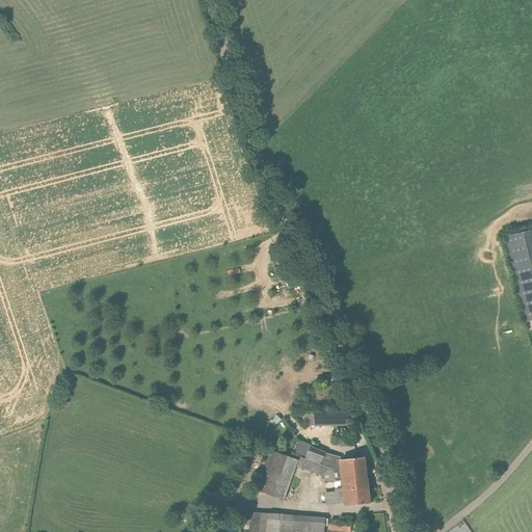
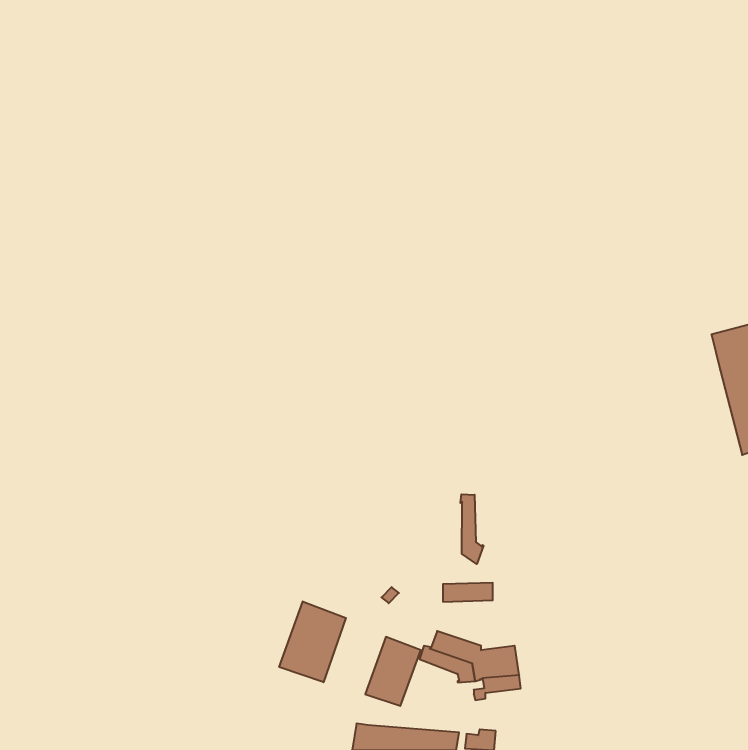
building: none -> [460,494,484,564]
building: none -> [279,601,346,682]
building: [326,487,371,506] -> none

